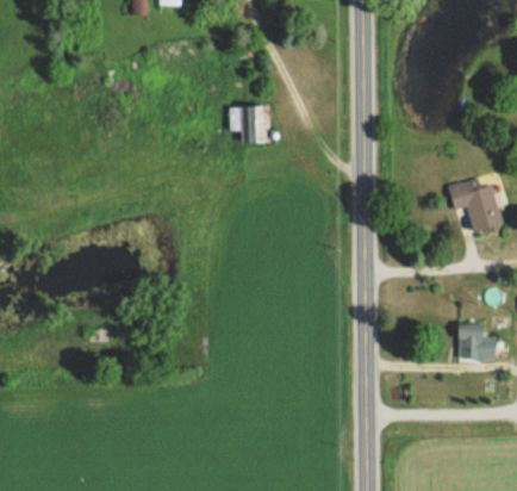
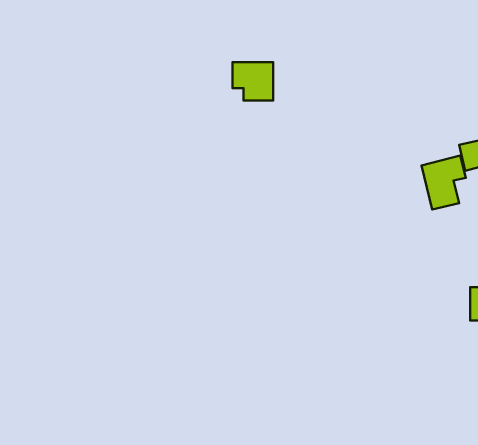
building: none -> [422,155,466,209]

